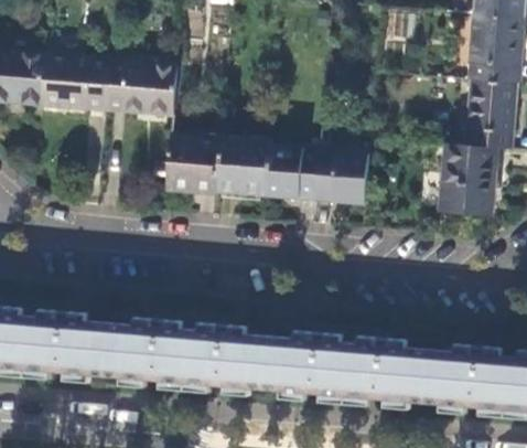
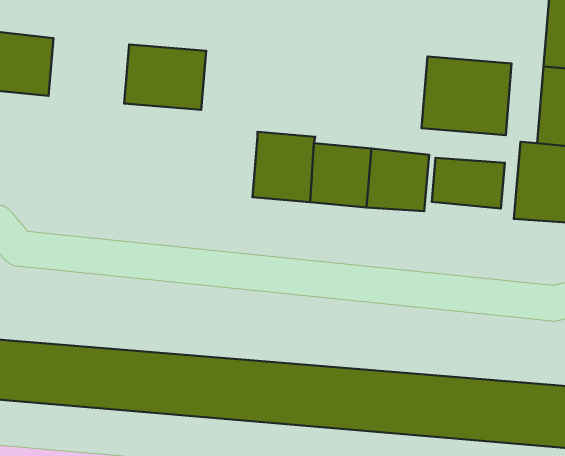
building: [42,55,111,111] -> none
building: none -> [422,57,511,135]
building: [168,135,222,195] -> none
building: none -> [432,158,505,209]

